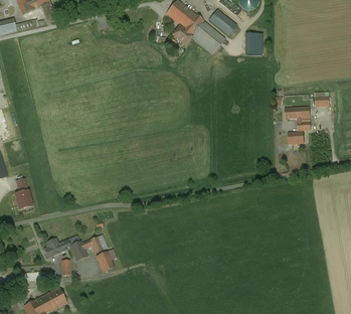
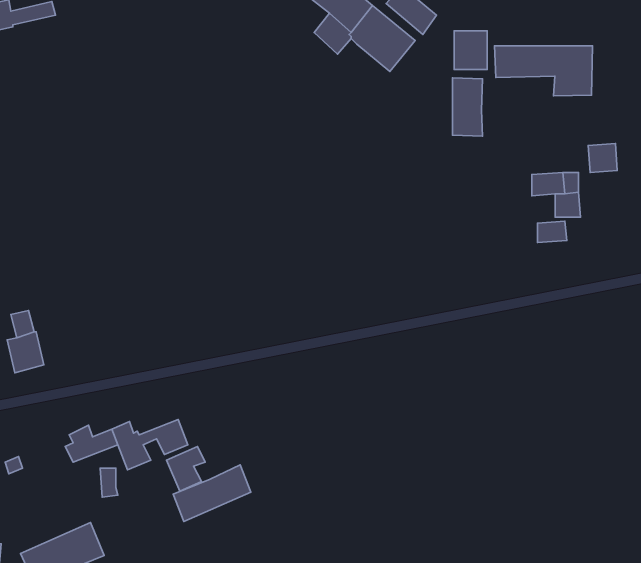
building: none -> [495,46,592,96]
building: none -> [452,78,482,136]
building: none -> [173,465,251,521]

